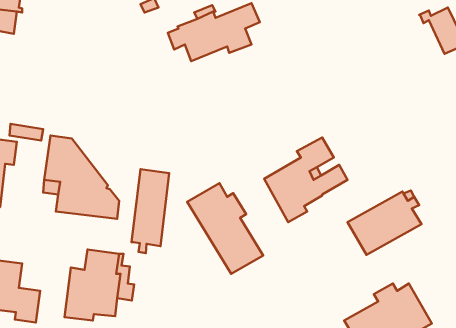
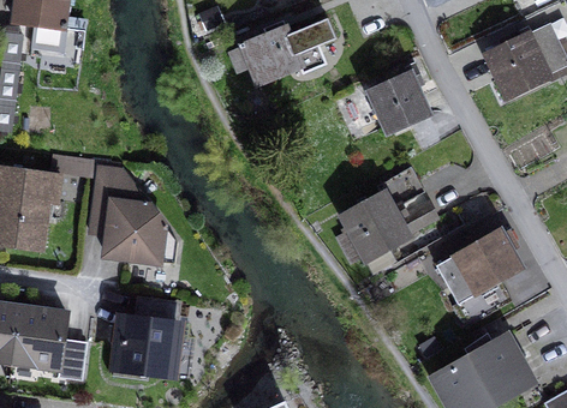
building: none -> [488,32,547,95]
building: none -> [370,65,428,132]
building: [132,169,169,253] -> none
building: [187,183,263,274] -> none

